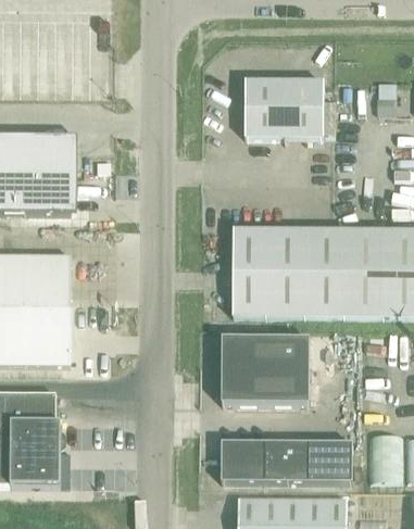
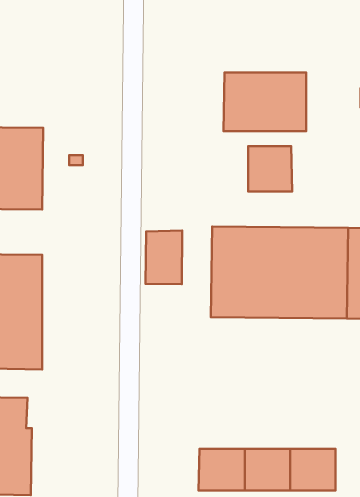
building: none -> [248,146,292,192]
building: none -> [146,231,182,284]
building: [221,337,309,404] -> none

